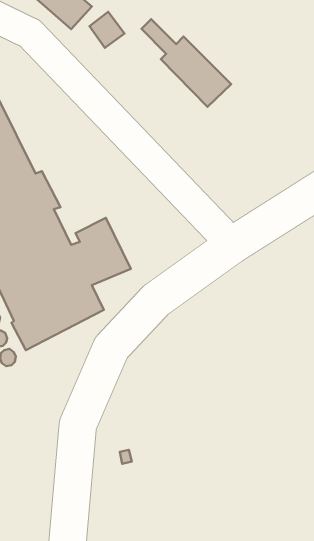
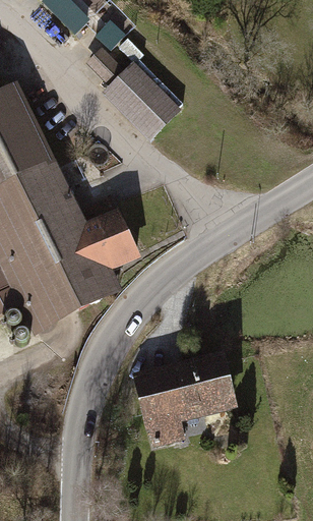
building: [141,19,231,107] -> [90,53,175,135]
building: none -> [139,360,230,445]

